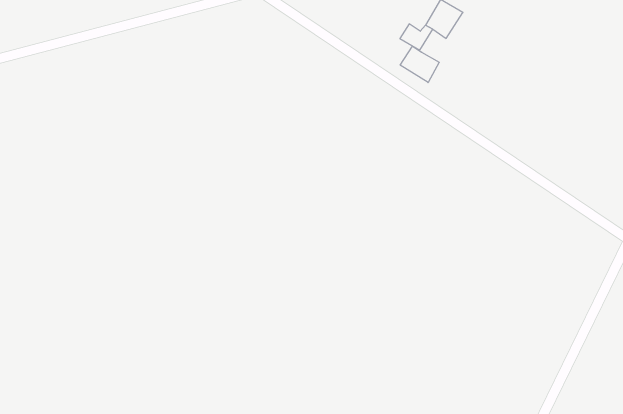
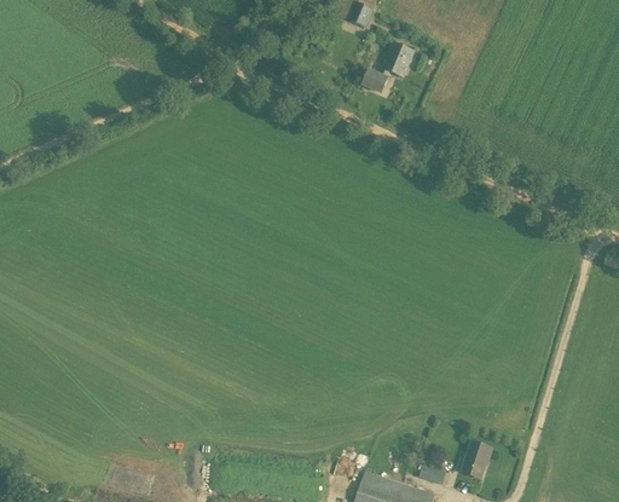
building: [400,46,439,83] -> none

